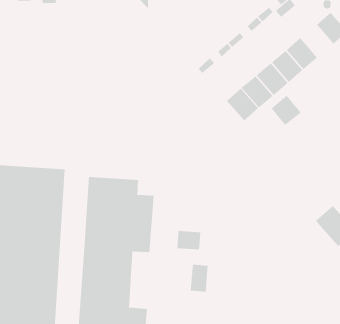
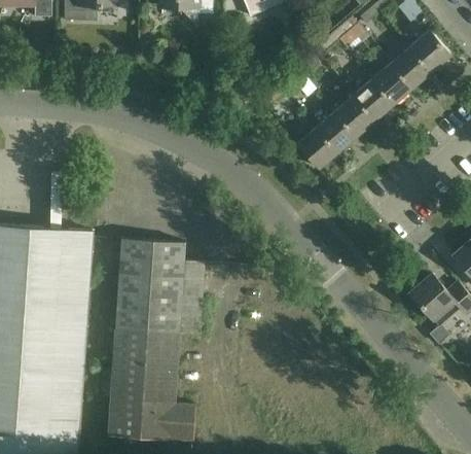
building: none -> [388,48,429,90]
building: [271,95,302,126] -> none
building: [177,230,201,250] -> none
building: [190,264,208,292] -> none

